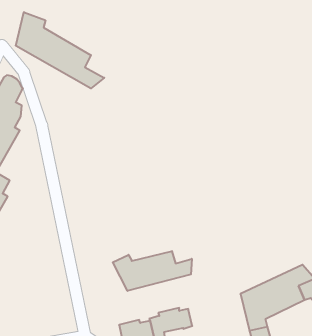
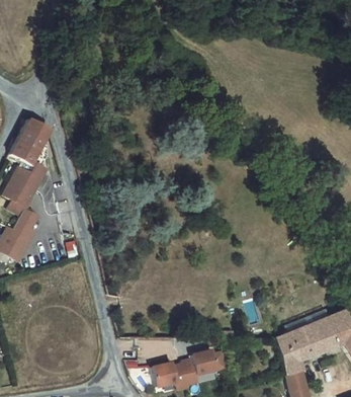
building: [16,12,104,88] -> none
building: [113,251,192,291] -> none

